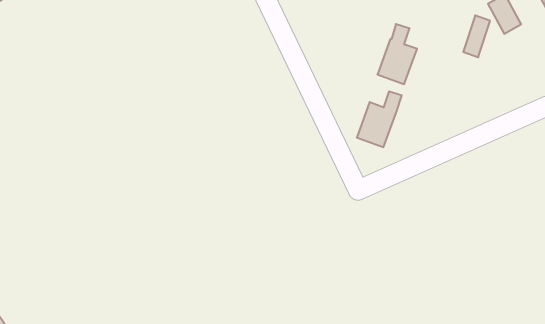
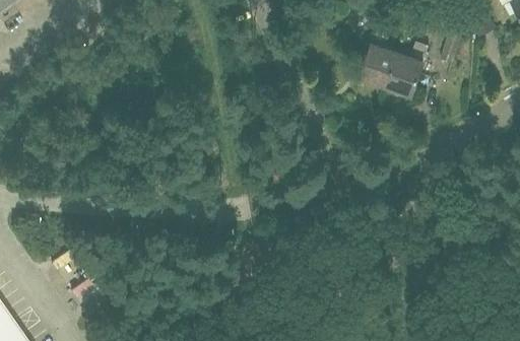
building: [357,91,402,147] -> [385,43,428,95]

